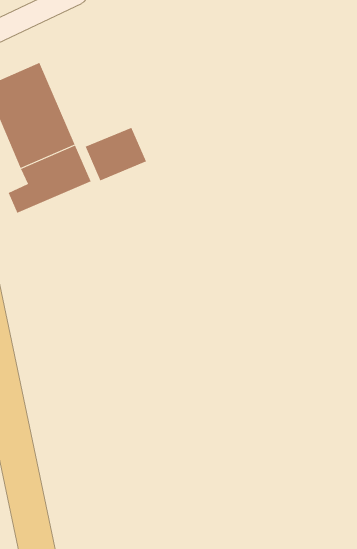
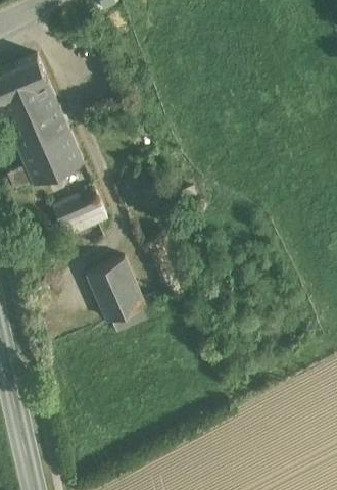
building: [85,127,147,181] -> [53,190,108,238]
building: none -> [87,258,145,321]

